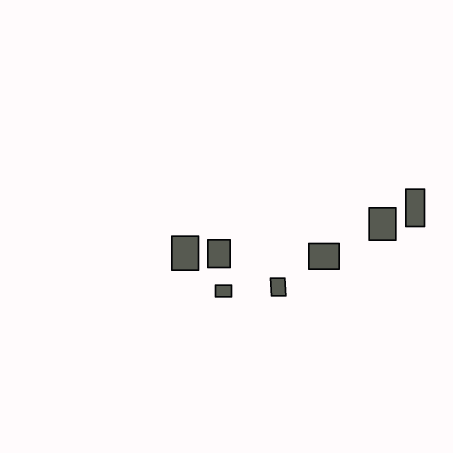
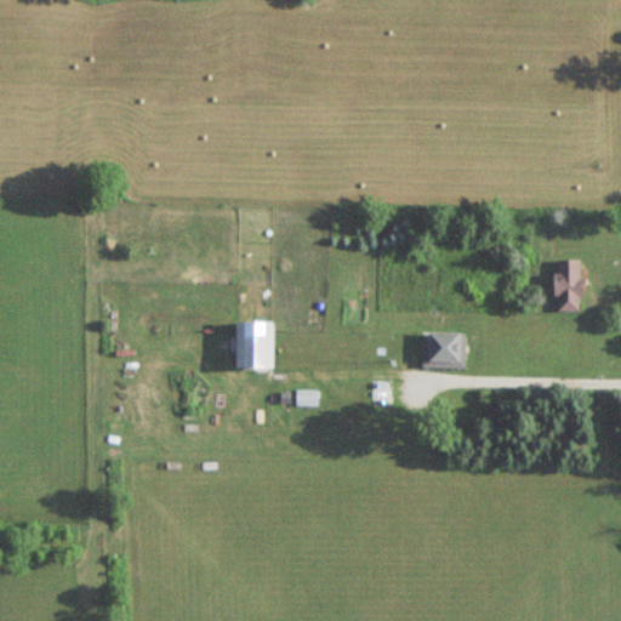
building: [369,208,396,240] -> none
building: [208,240,230,268] -> none

